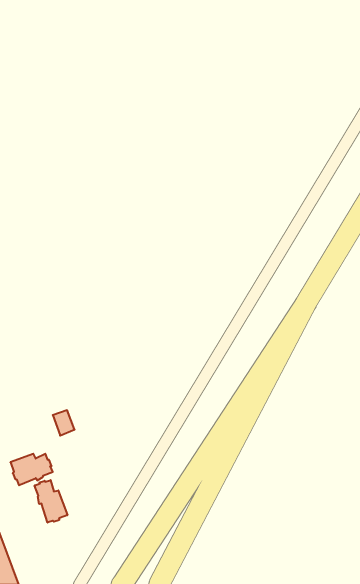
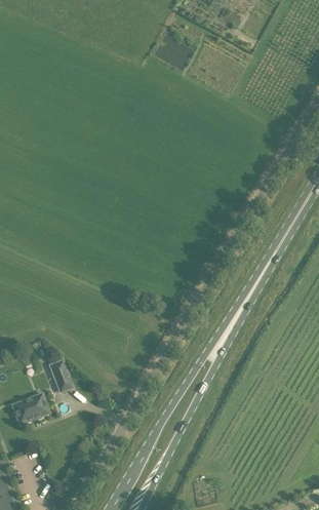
building: [35,480,67,523] -> none

